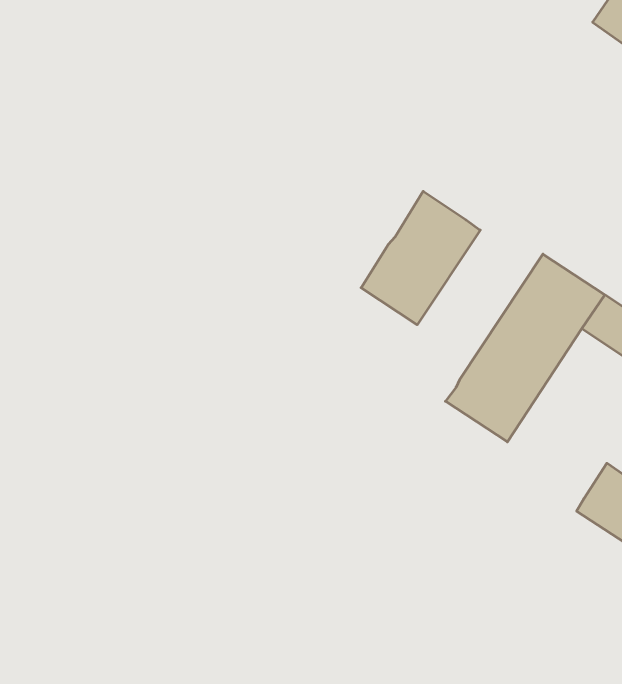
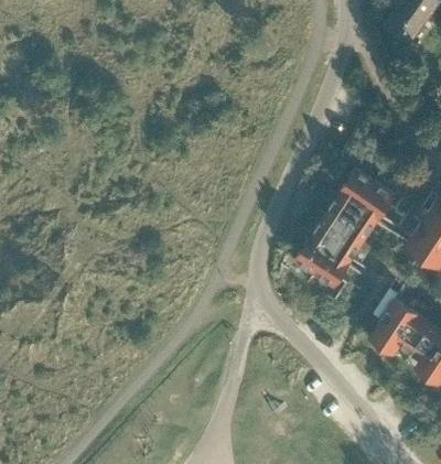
building: [361,191,480,325] -> none

